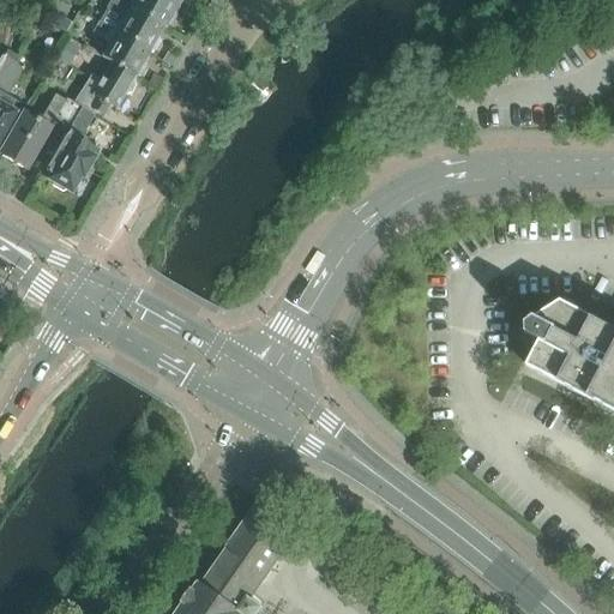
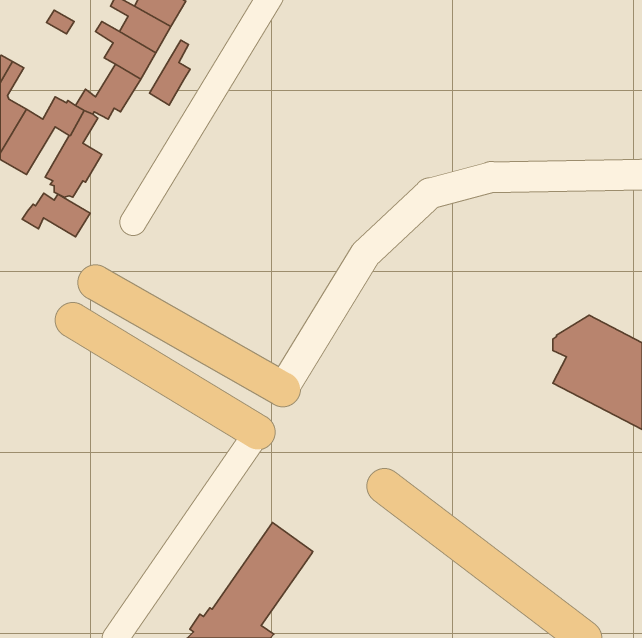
building: none -> [150,40,190,105]
building: none -> [22,193,90,237]

